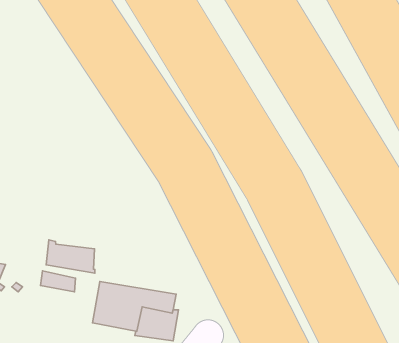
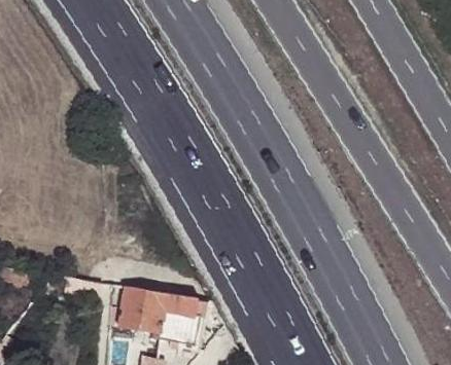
building: [46,240,95,273] -> none

